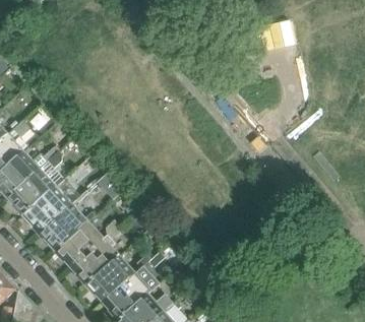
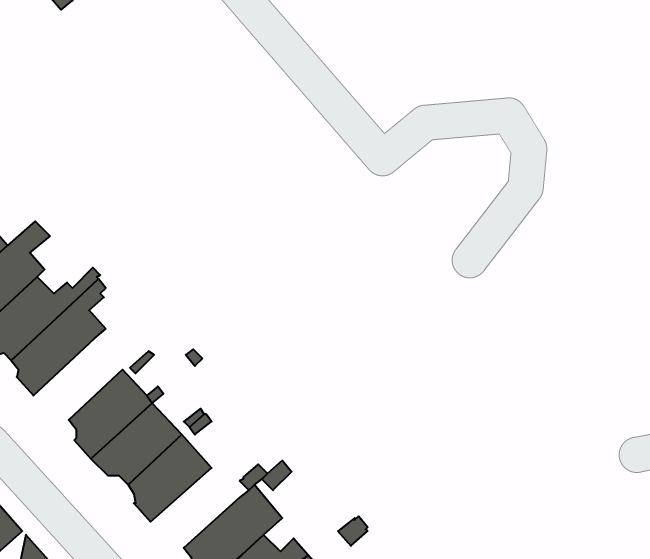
building: [23,186,72,231] -> none
building: [87,257,136,301] -> none

